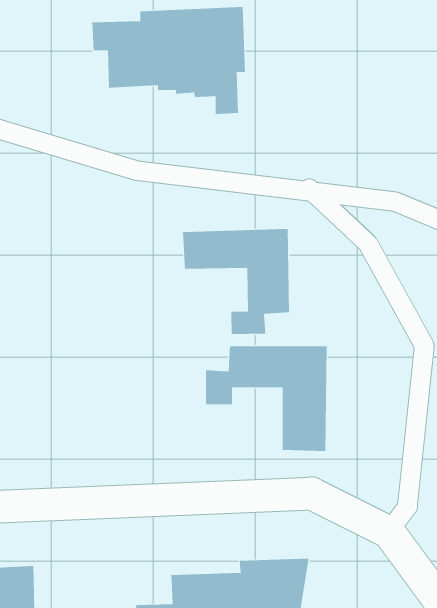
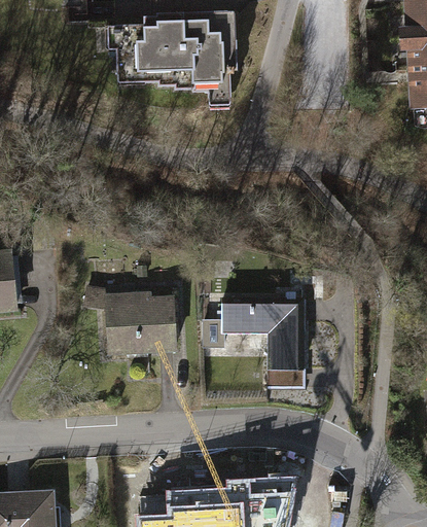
building: [183,228,290,335] -> none
building: none -> [83,286,177,357]

